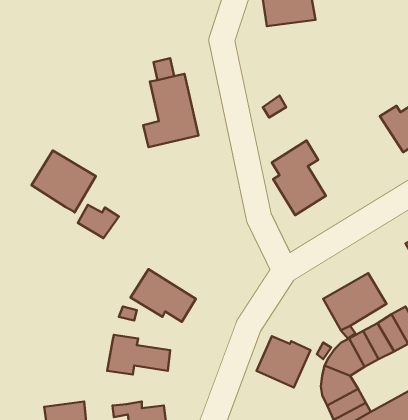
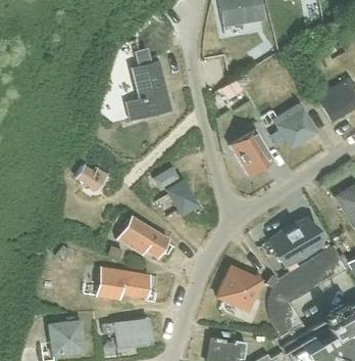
building: none -> [274,104,316,147]
building: [32,151,96,212] -> none
building: none -> [155,167,194,214]

